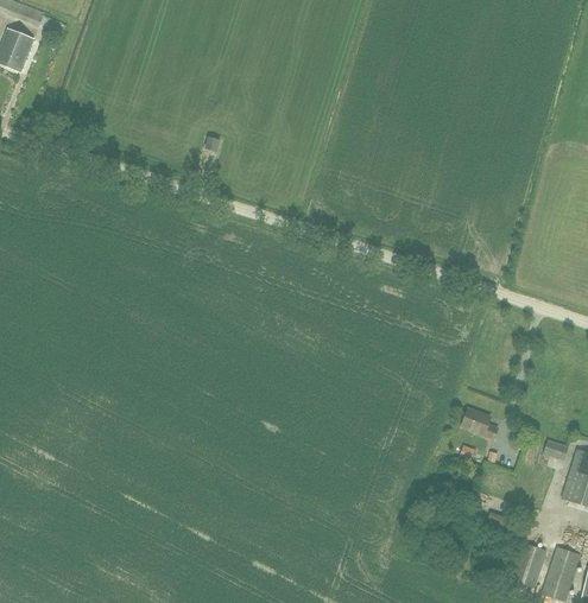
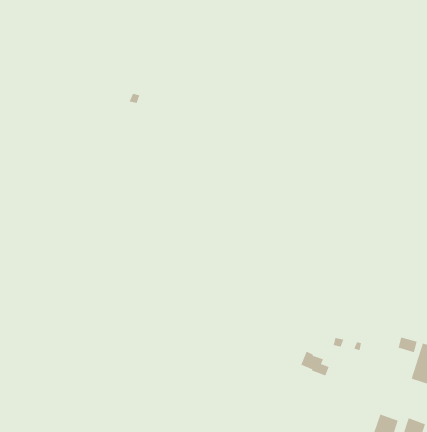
building: [460,406,497,438] -> [300,351,330,376]

